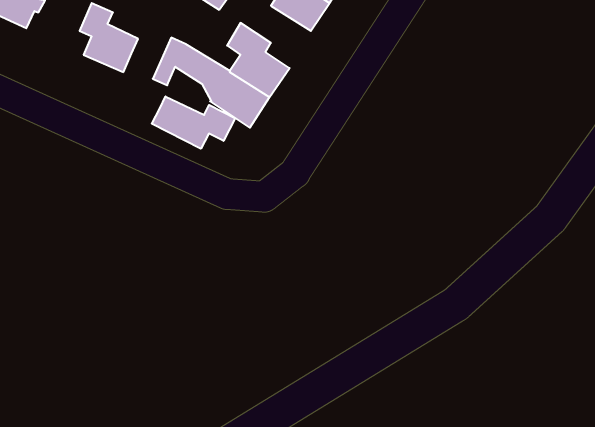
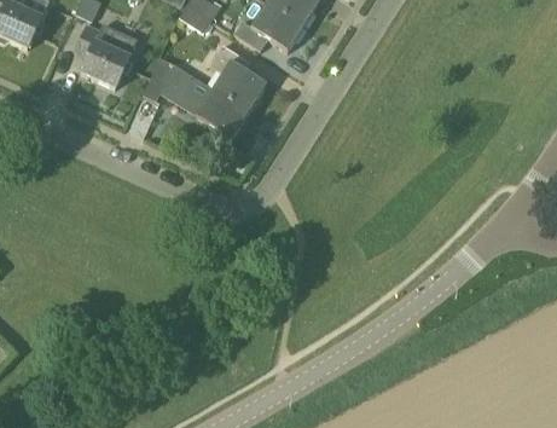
building: [152,96,235,149] -> none

